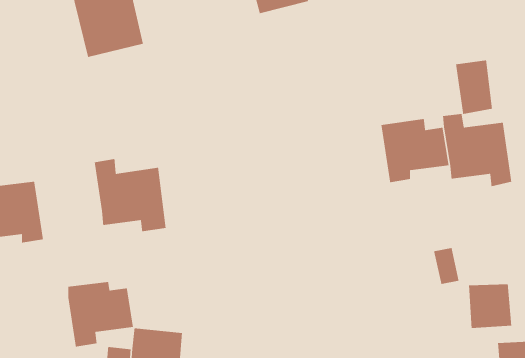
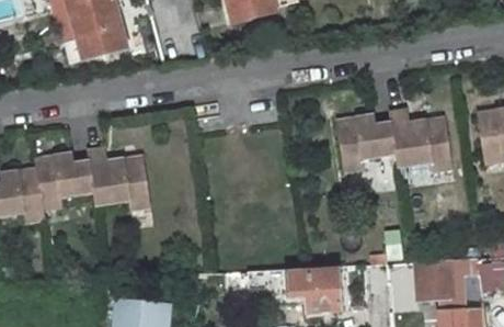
building: [455,60,493,115] -> none
building: [67,281,134,348] -> [34,153,92,211]
building: none -> [254,266,339,307]

